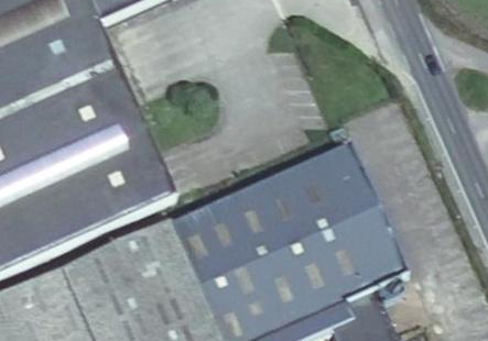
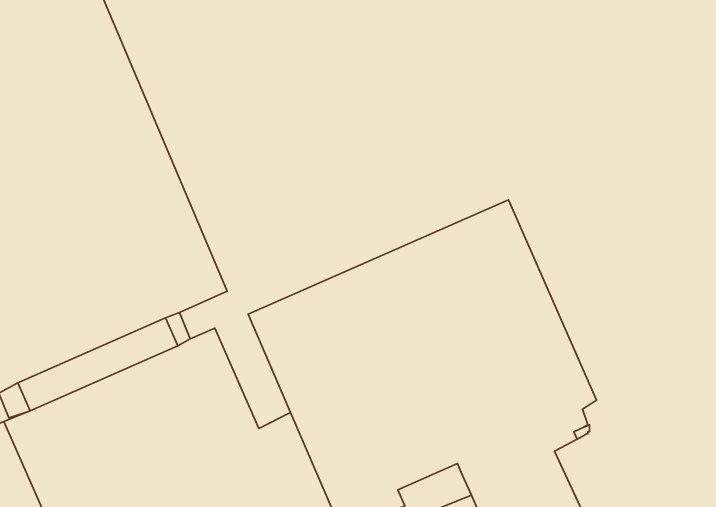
building: [166,213,214,285] -> none

